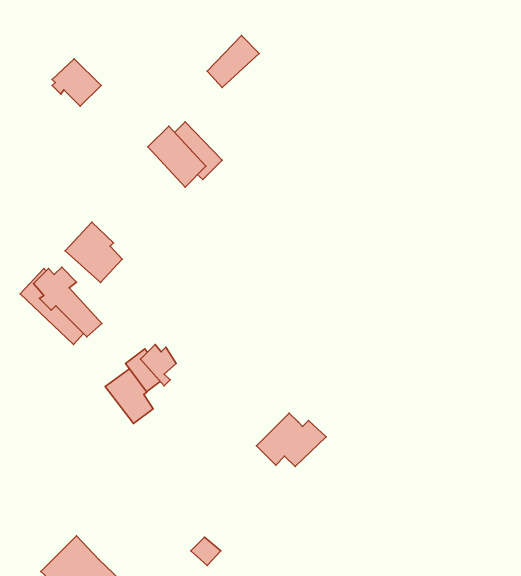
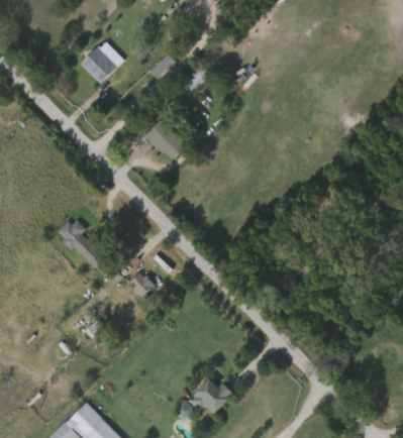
building: [52,59,101,106] -> [87,48,120,81]
building: [65,222,122,282] -> none
building: [105,369,153,423] -> none
building: [256,413,326,466] -> [191,376,238,413]

